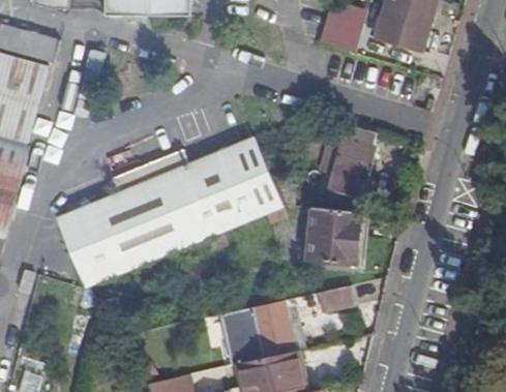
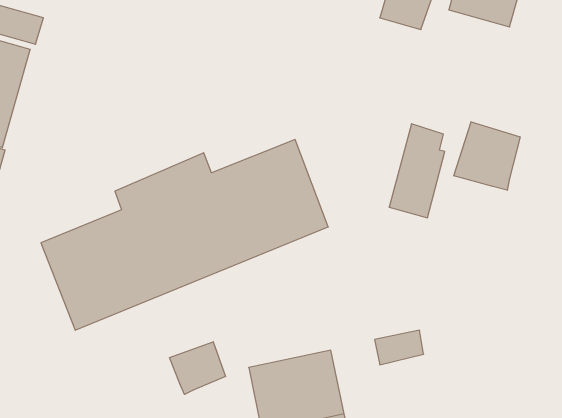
building: none -> [454,122,520,190]
building: [306,209,361,265] -> none
building: none -> [169,342,226,394]

